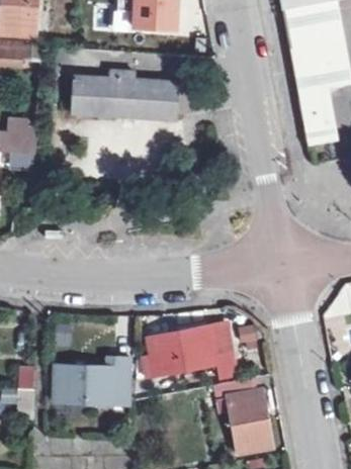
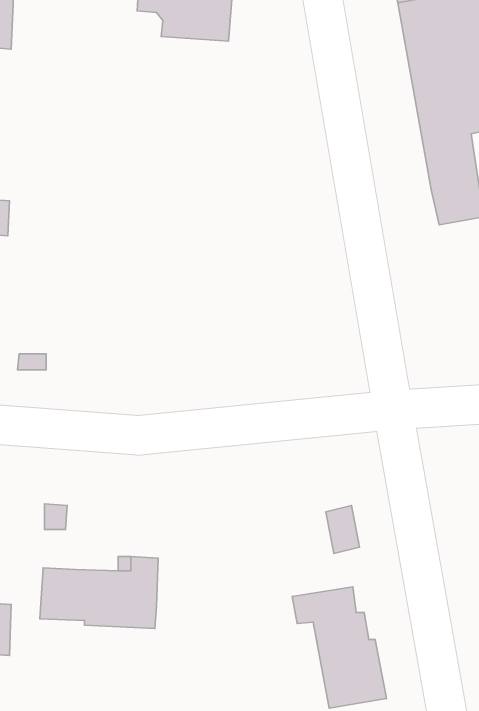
building: [68,69,176,119] -> none
building: [149,324,233,374] -> none

